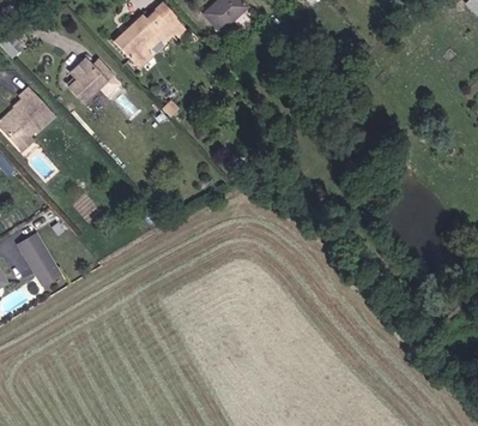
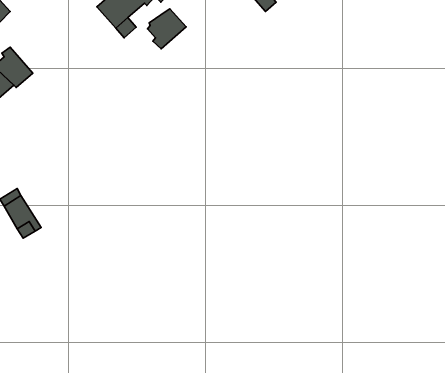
building: none -> [147,9,186,49]
building: [72,59,123,103] -> none

